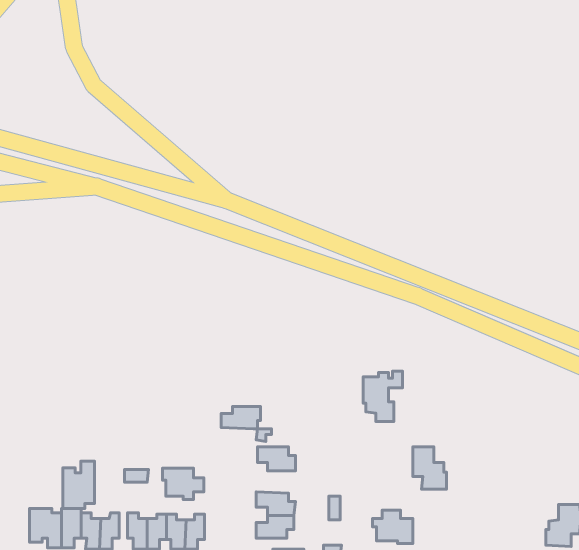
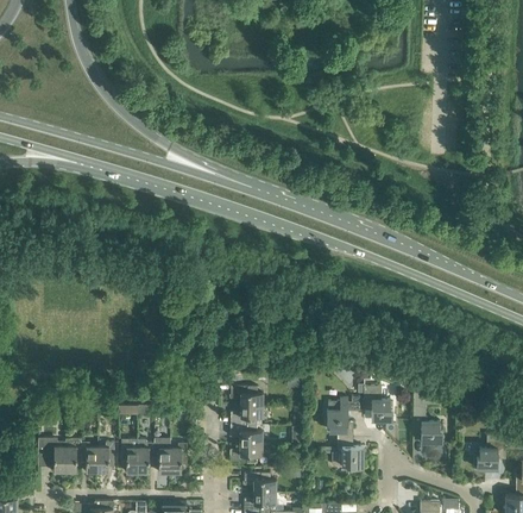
building: [363,371,402,422] -> [327,399,360,442]
building: [221,406,260,429] -> [231,408,264,427]
building: none -> [414,398,442,445]
building: [63,461,94,509] -> none
building: [162,468,204,499] -> none

